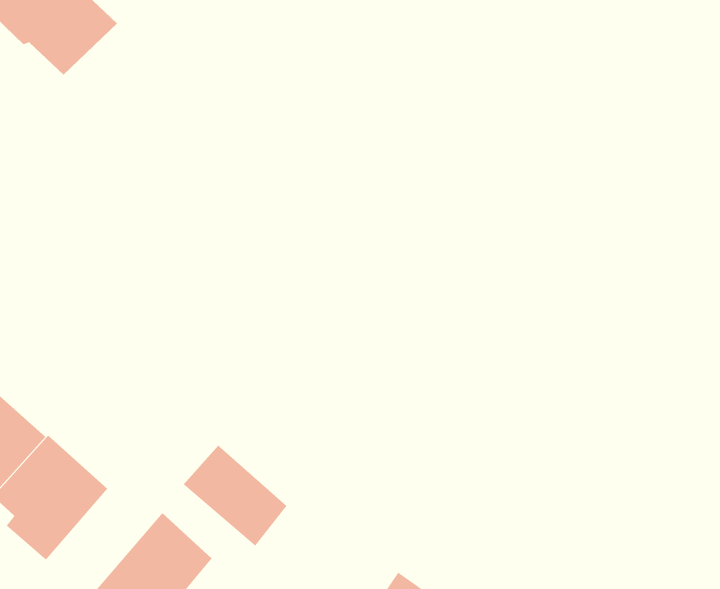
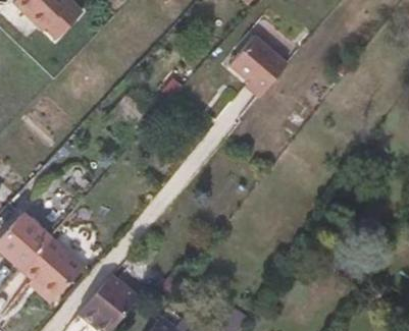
building: none -> [233,39,290,101]
building: [183,445,287,546] -> none

